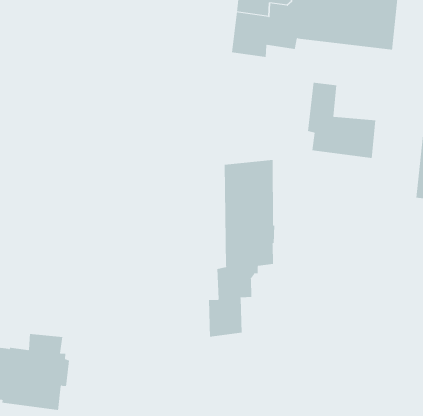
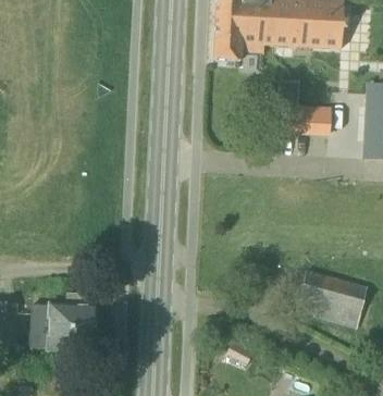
building: [208,159,275,337] -> none
building: none -> [296,269,368,329]

